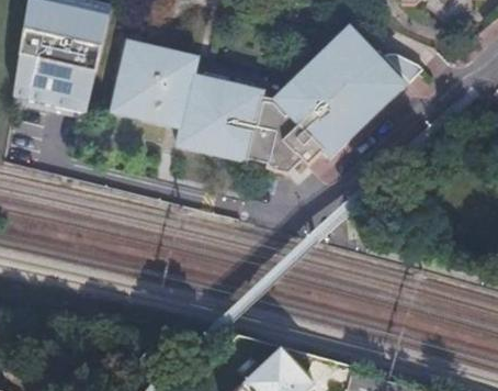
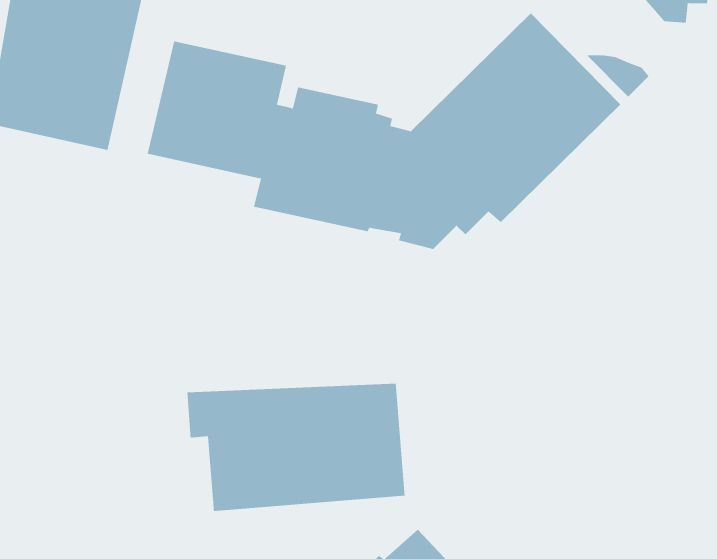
building: none -> [187,383,405,512]

